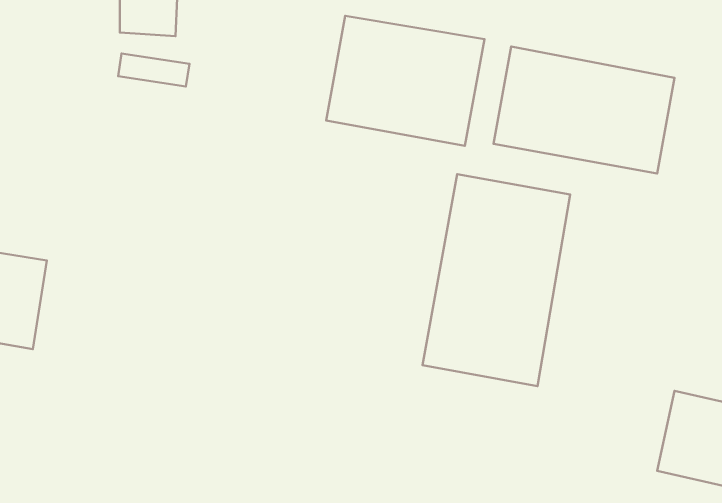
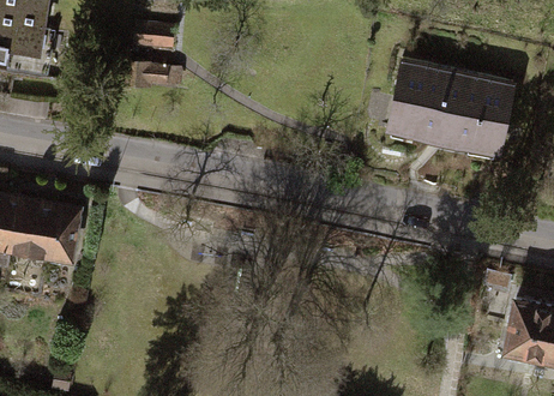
building: [326,16,484,146] -> none
building: [423,174,570,386] -> none

